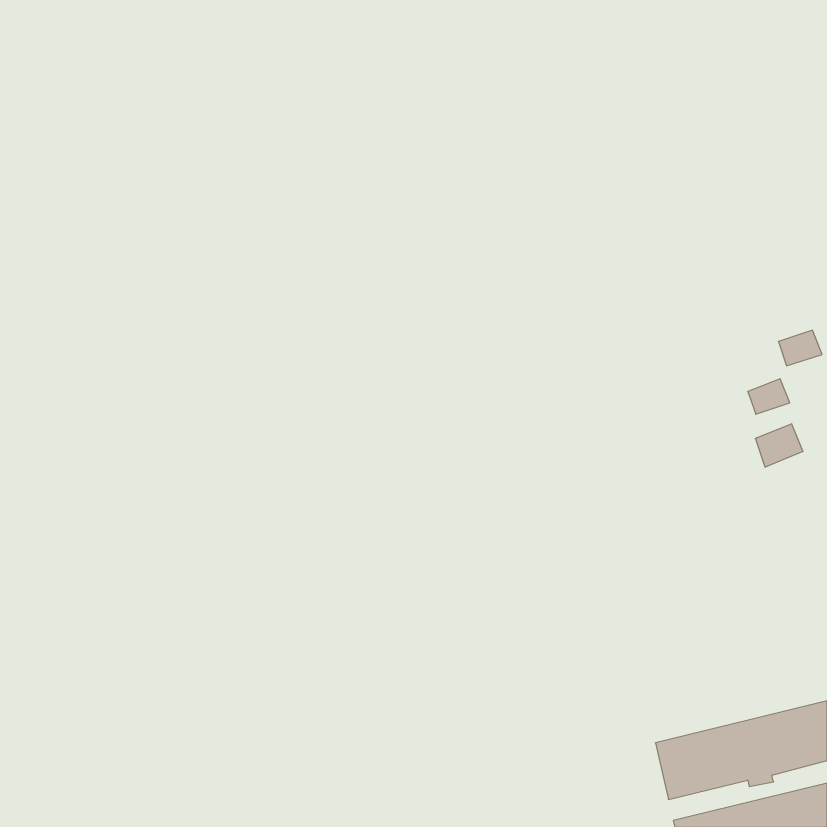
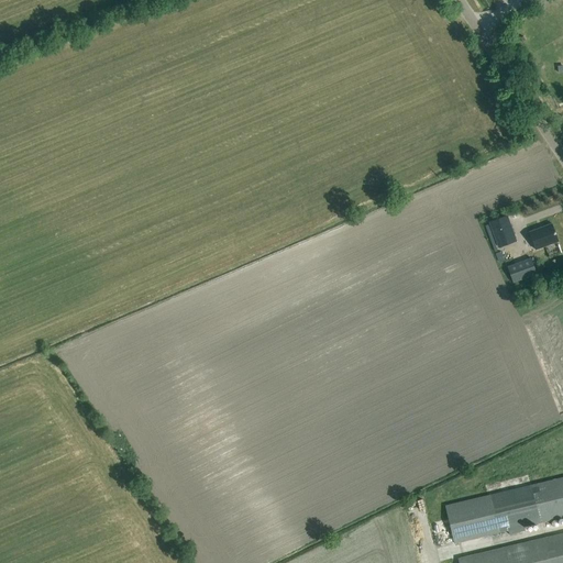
building: none -> [489,216,516,247]
building: [755,424,803,467] -> none

